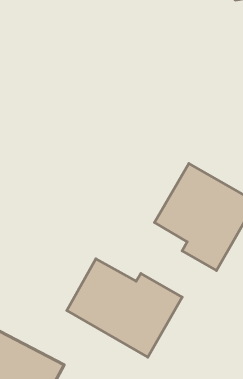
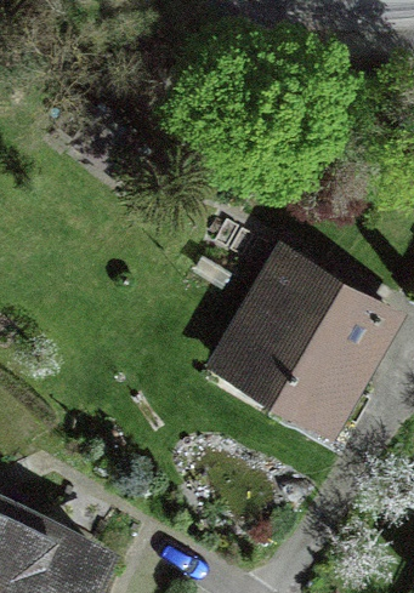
building: [67,259,182,357] -> none

